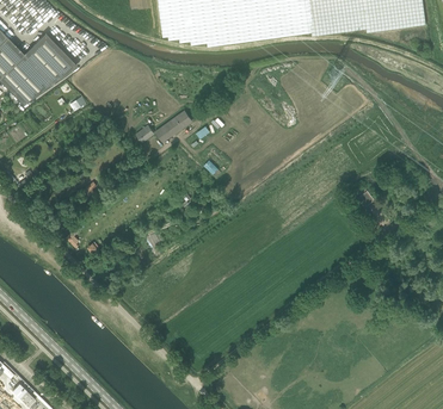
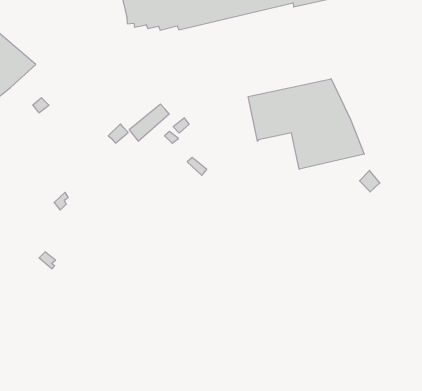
building: none -> [248,79,364,169]

